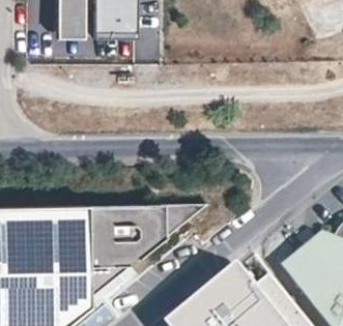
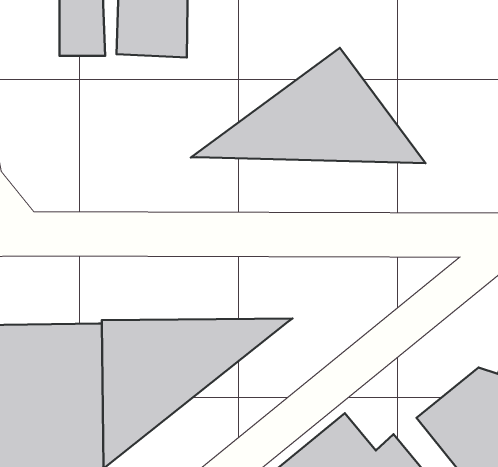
building: none -> [191,48,426,163]

